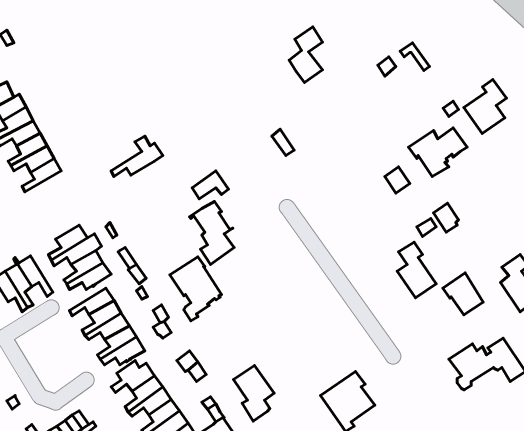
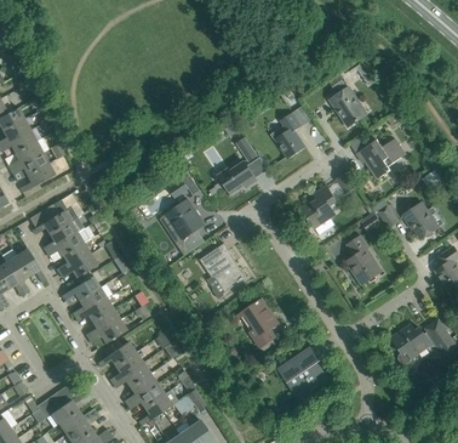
building: [289,27,323,83] -> [275,109,304,158]
building: none -> [328,86,366,126]
building: [464,80,507,133] -> none
building: [111,136,163,177] -> [32,199,76,234]
building: none -> [217,161,256,193]
building: none -> [299,184,338,234]
building: [170,257,222,321] -> [199,243,244,299]
building: [443,273,483,315] -> [402,201,437,238]
building: [234,365,274,421] -> [242,299,277,347]

